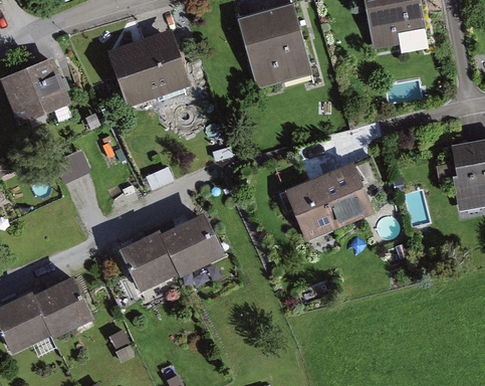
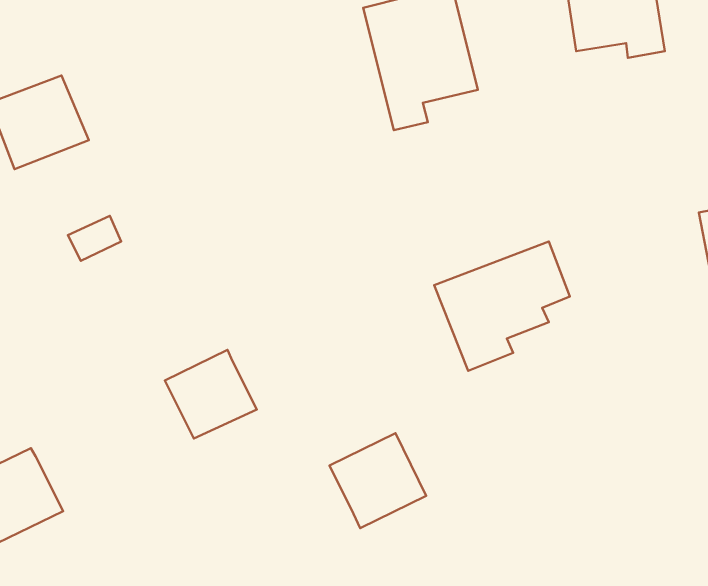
building: [111,31,190,100] -> none
building: [158,218,218,277] -> [329,433,426,528]
building: [35,277,96,339] -> none

